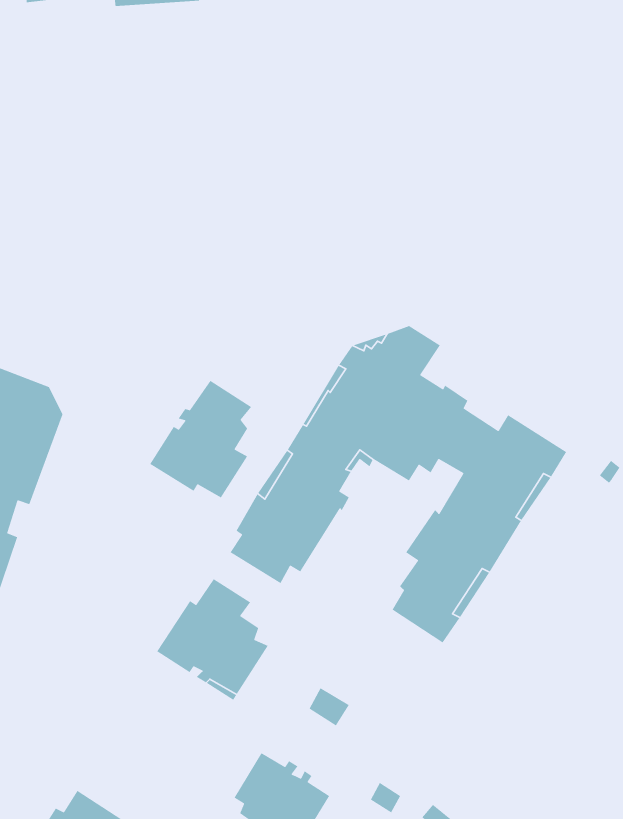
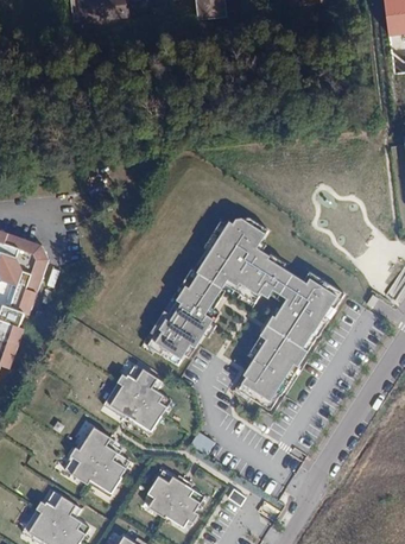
building: [149,380,252,498] -> none
building: none -> [64,426,131,493]

